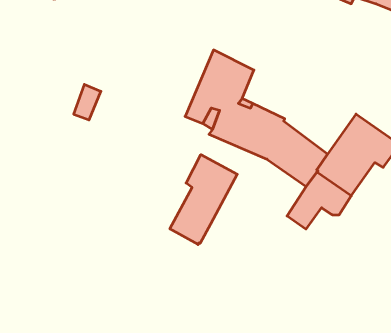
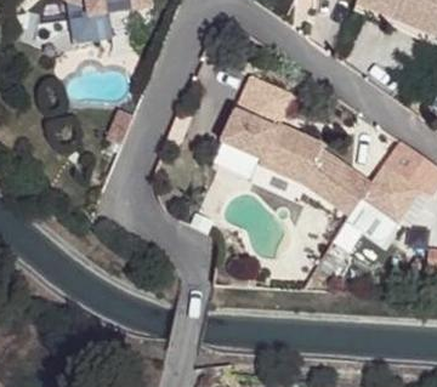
building: [170,155,237,245] -> none

